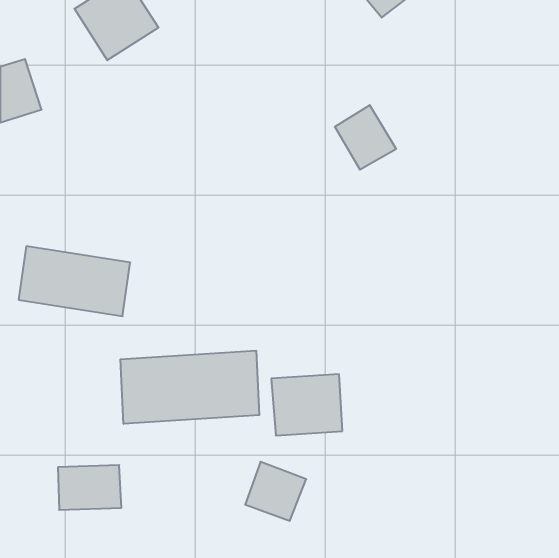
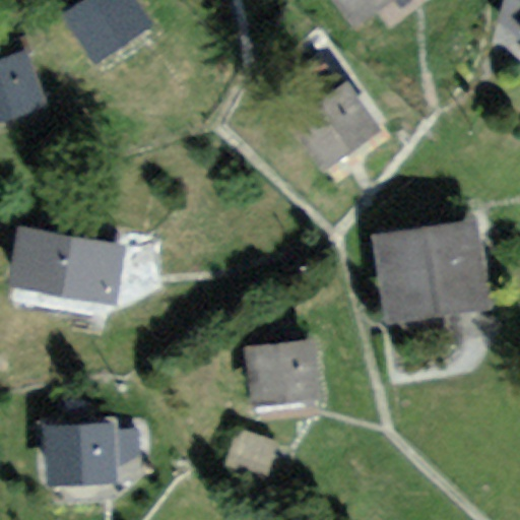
building: none -> [391,233,477,309]
building: [120,351,259,424] -> none

